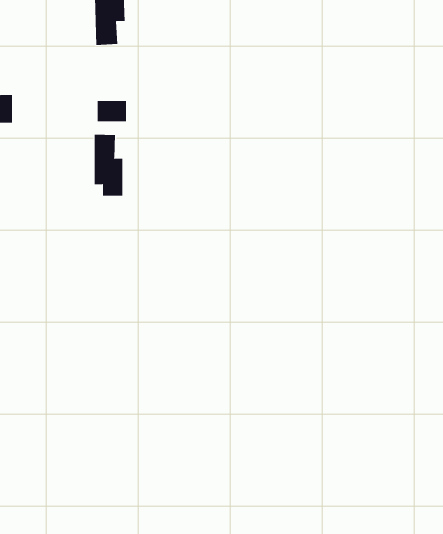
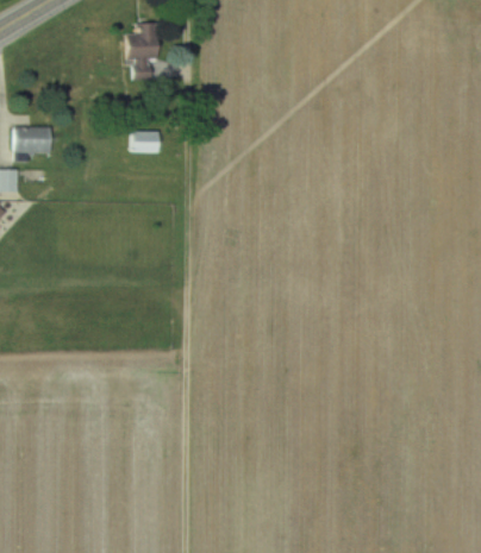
building: [94,134,123,197] -> none

